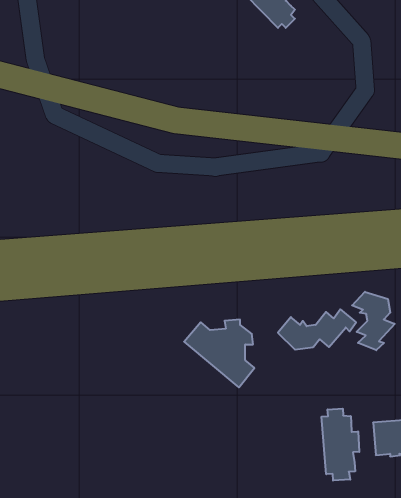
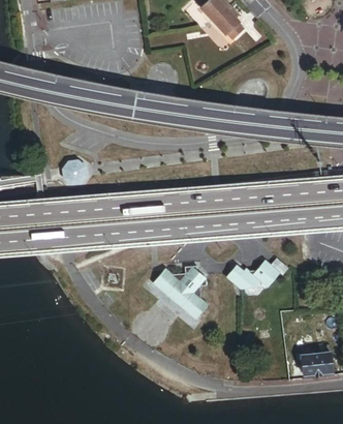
building: [352,292,395,350] -> none
building: [322,409,359,481] -> none

